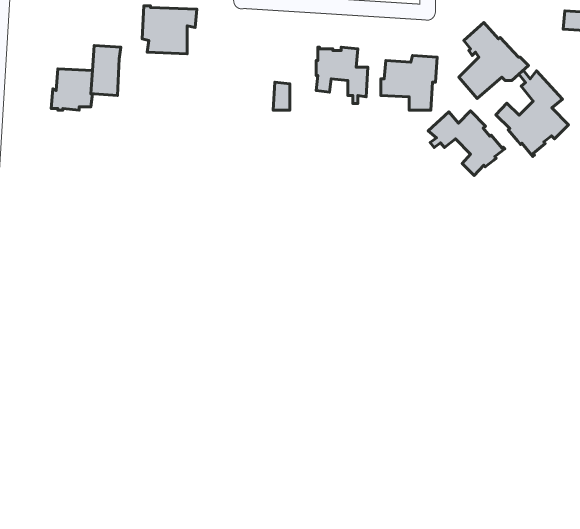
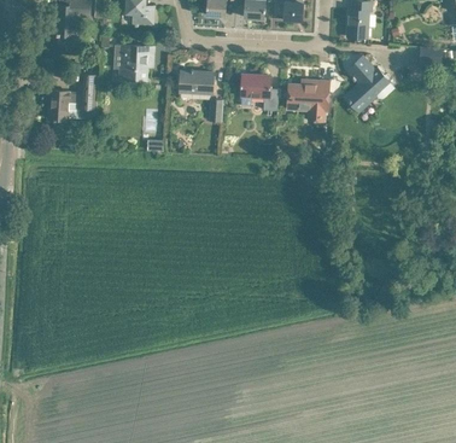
building: none -> [179,69,212,93]
building: [496,70,568,156] -> none
building: [428,111,505,175] -> none

